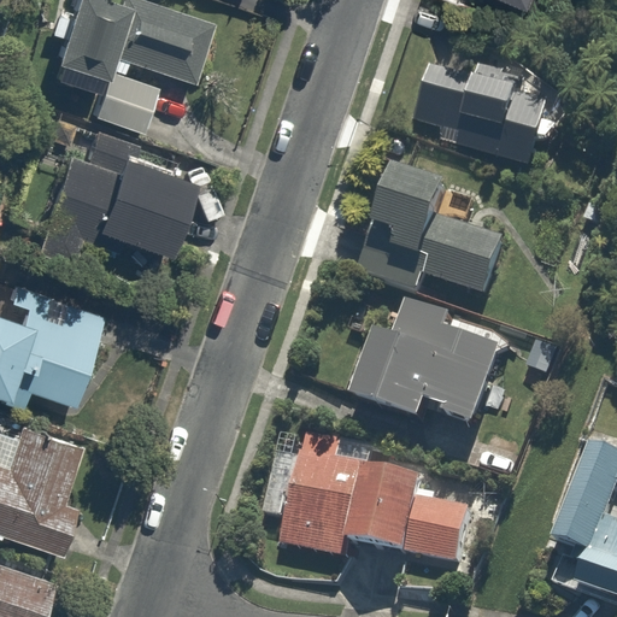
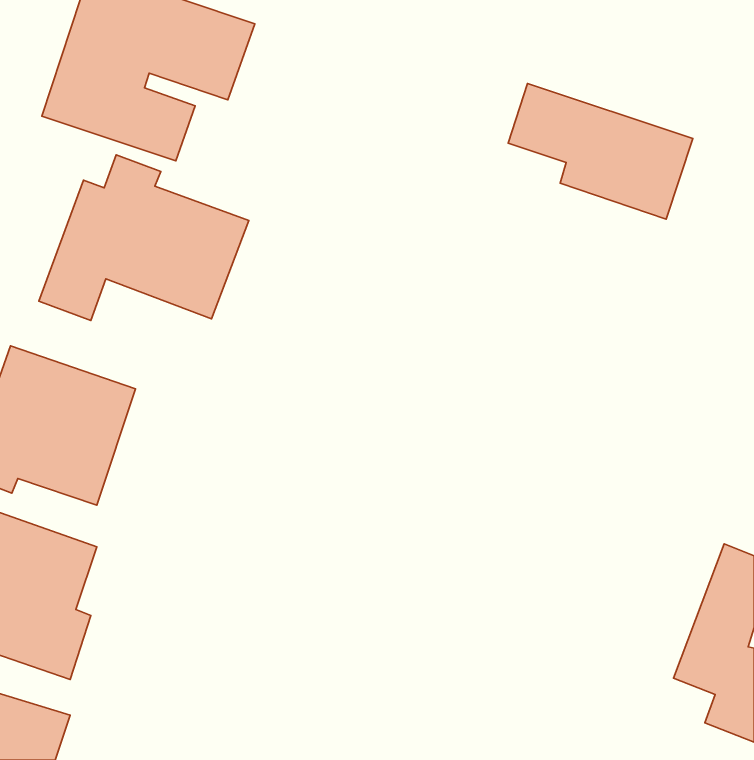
building: [358,157,500,302] -> none
building: [353,302,499,427] -> none
building: [278,431,475,568] -> none

